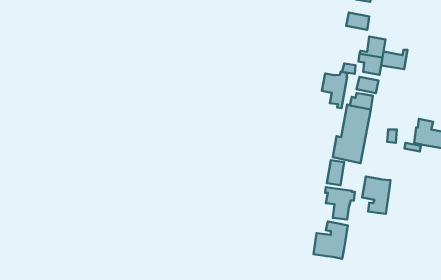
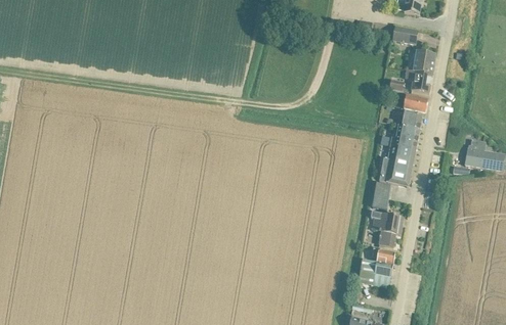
building: [381,50,407,69] -> none
building: [322,72,347,108] -> none
building: [362,177,390,214] -> none

